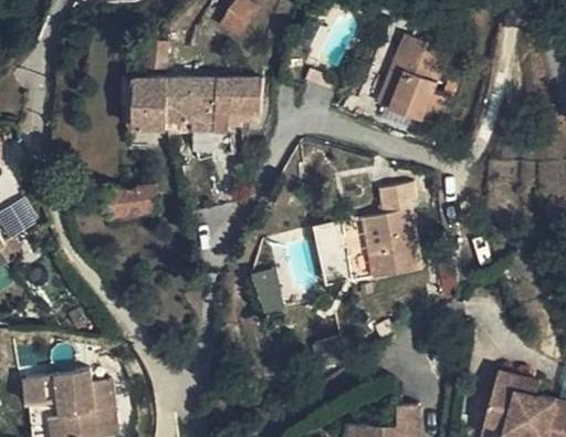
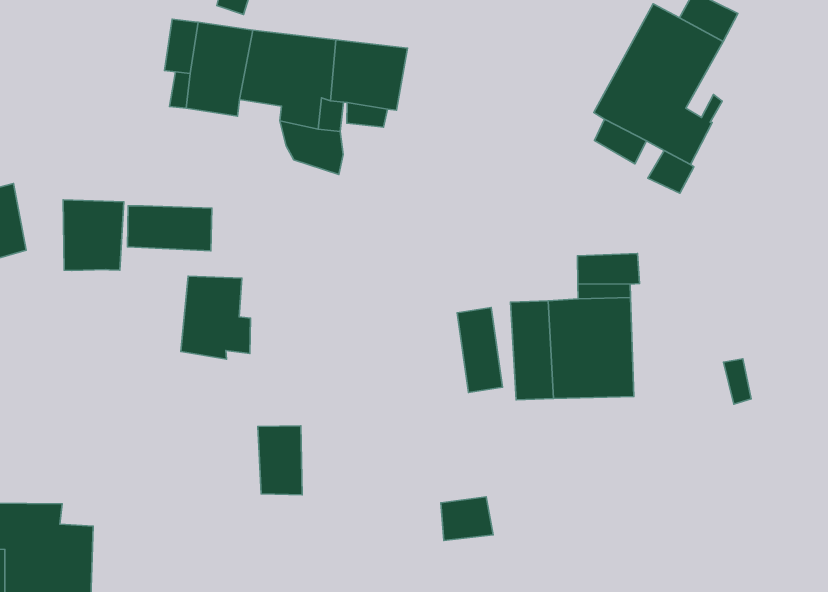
building: none -> [63,200,124,271]
building: none -> [181,276,250,359]
building: [247,262,277,305] -> [258,426,302,495]

